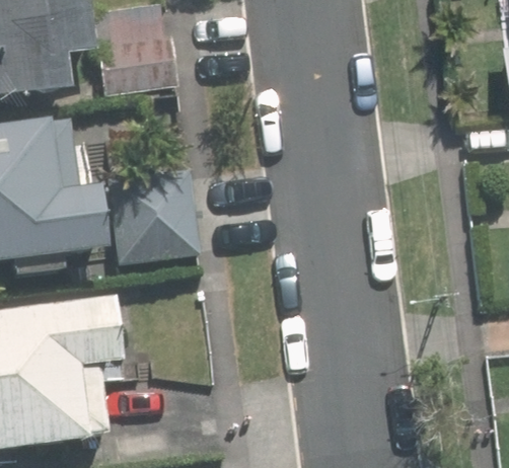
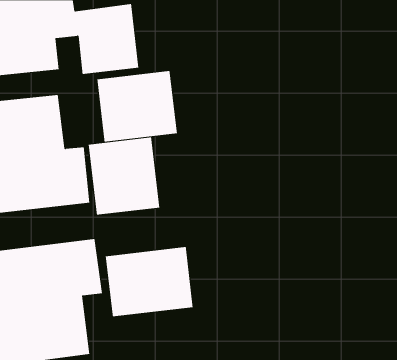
building: none -> [97,70,177,142]
building: none -> [105,246,193,317]

